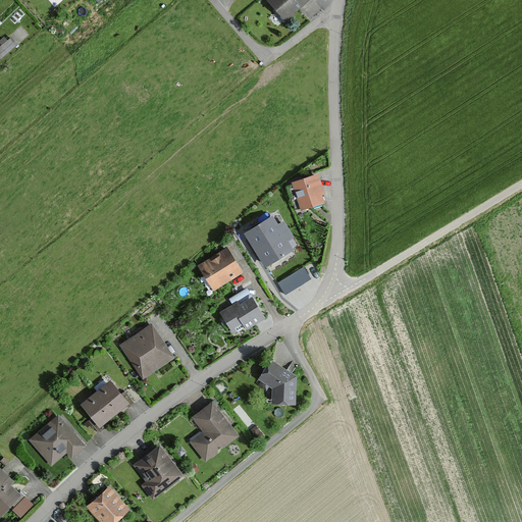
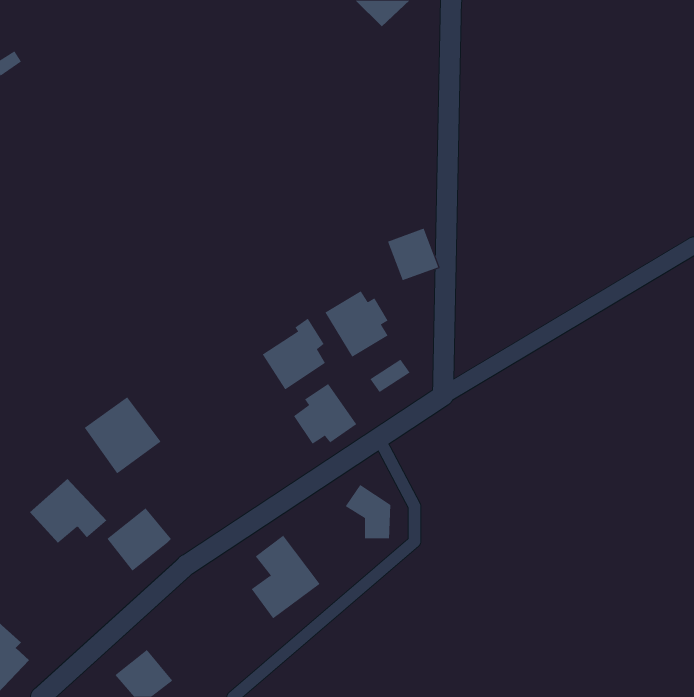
building: [117,322,175,380] -> [84,397,162,474]
building: [29,414,87,463] -> [29,478,107,544]
building: [134,445,181,500] -> none

